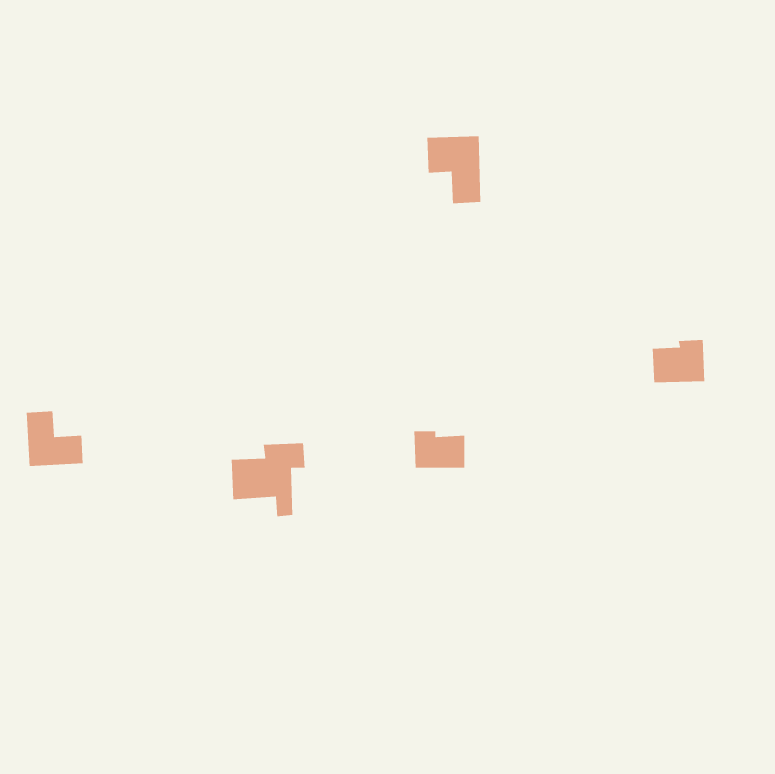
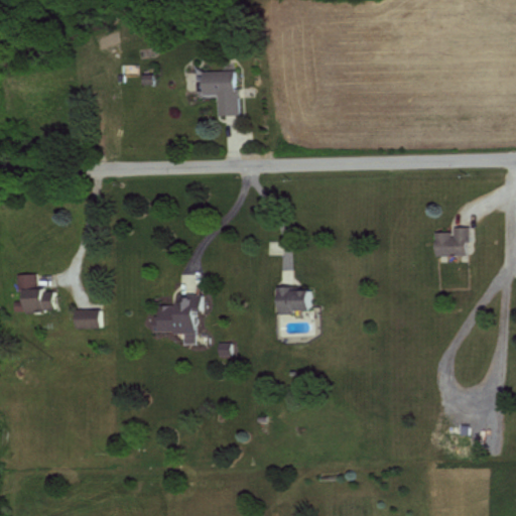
building: [426,136,481,204] -> [201,71,237,116]
building: none -> [72,309,98,329]

